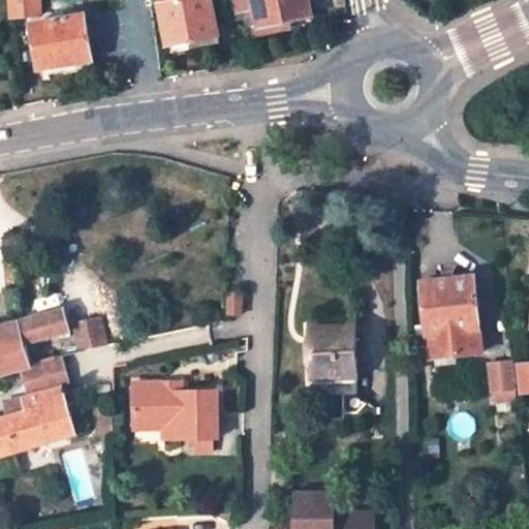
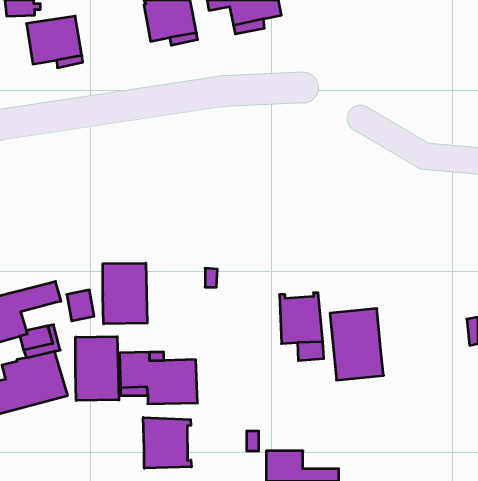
building: [421,278,479,356] -> [330,309,384,380]
building: none -> [103,263,147,324]
building: [487,350,512,391] -> none
building: none -> [76,337,119,401]
building: none -> [143,417,191,468]

